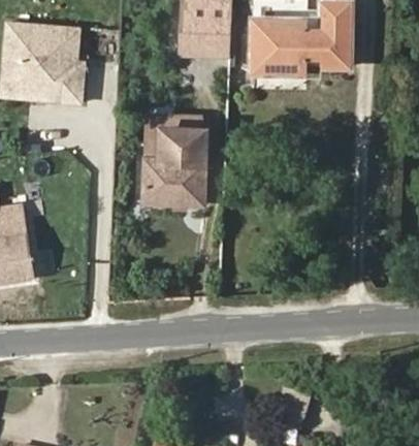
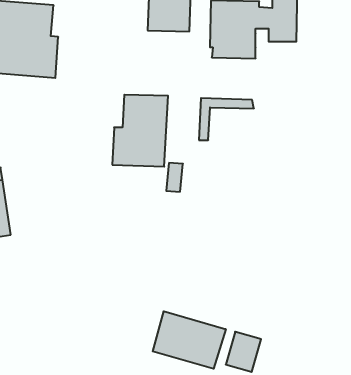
building: [147,114,207,160] -> [199,98,254,140]
building: none -> [153,311,226,369]

